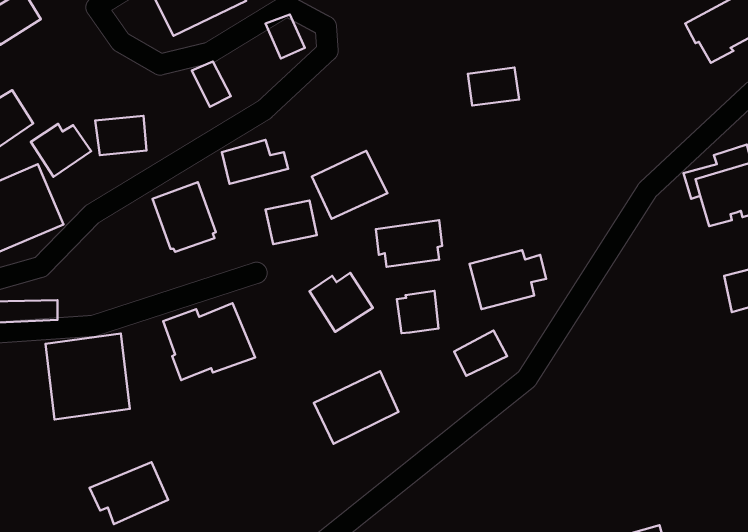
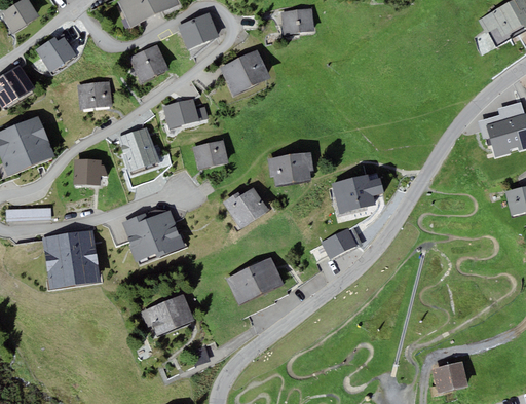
building: none -> [179,20,203,49]
building: [468,68,519,105] -> [280,9,315,35]
building: none -> [129,51,155,82]
building: [31,124,91,177] -> [36,36,77,72]
building: [312,151,387,219] -> [220,49,271,96]
building: none -> [73,159,108,185]
building: [397,291,439,333] -> none
building: [90,462,168,524] -> [141,294,194,336]

